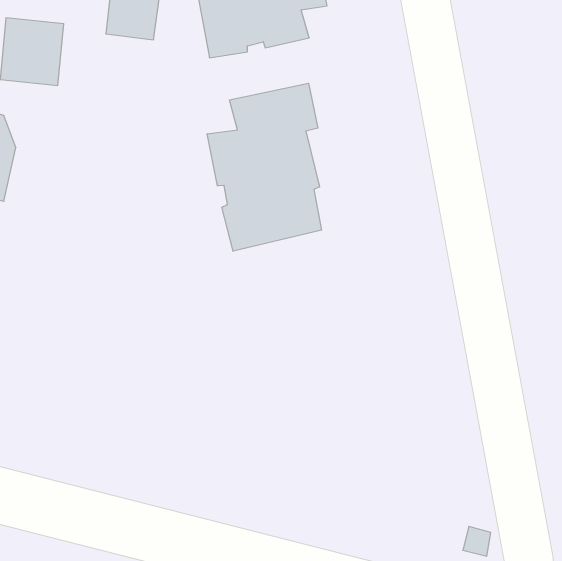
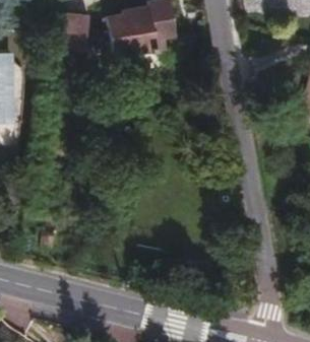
building: [207,83,322,251] -> none

